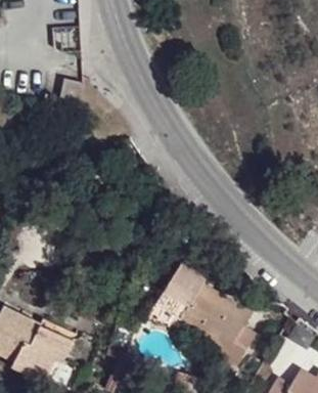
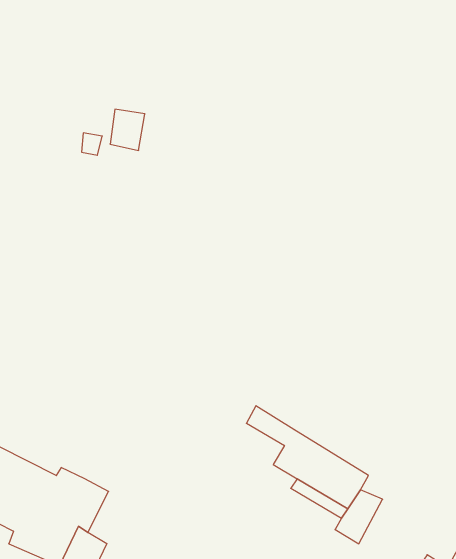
building: [167,260,247,323] -> none

